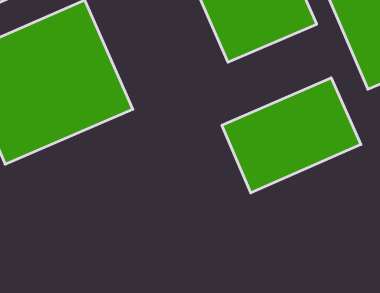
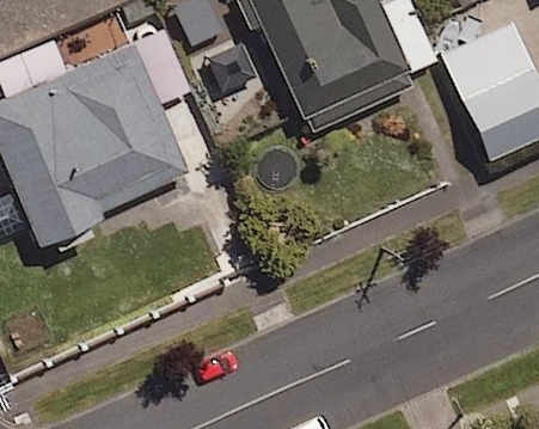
building: [222,78,361,193] -> none

